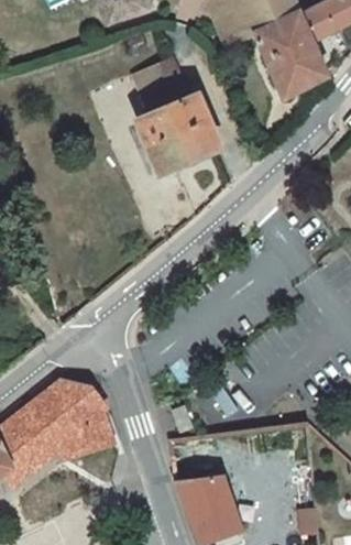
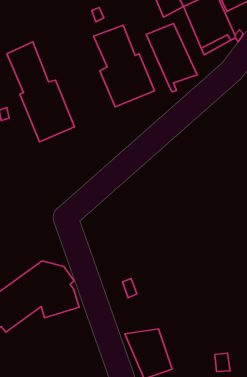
building: none -> [146,23,197,92]
building: none -> [7,42,75,142]

